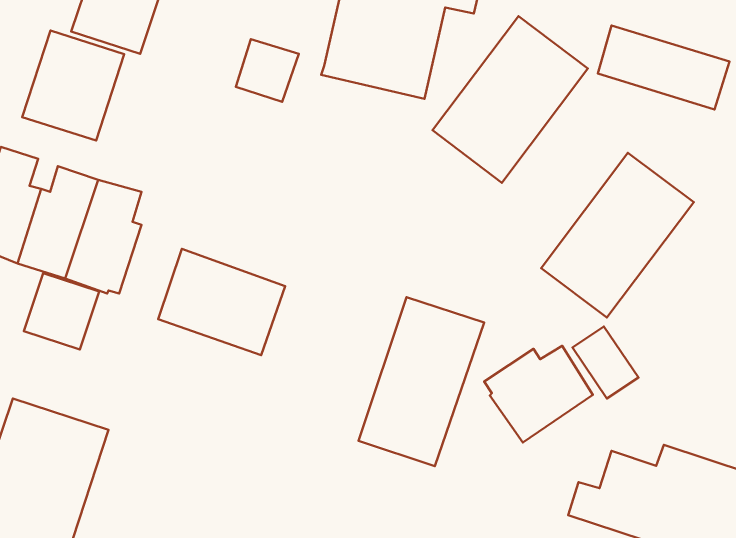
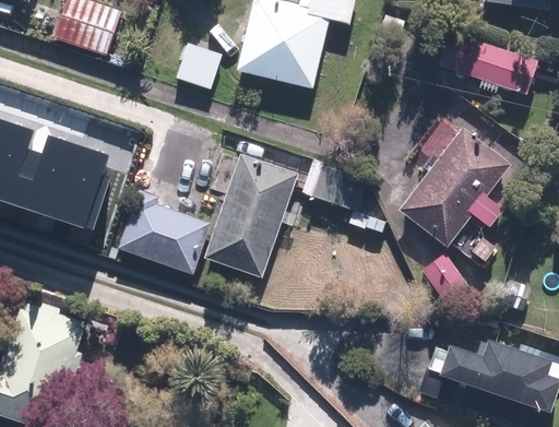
building: [432,16,588,183] -> none
building: [22,30,124,141] -> none
building: [24,273,99,350] -> none
building: [358,297,484,466] -> [205,154,297,277]
building: [484,346,593,442] -> none

